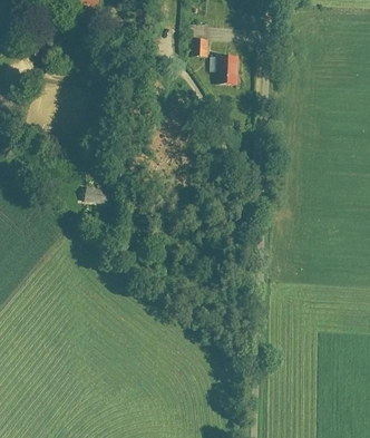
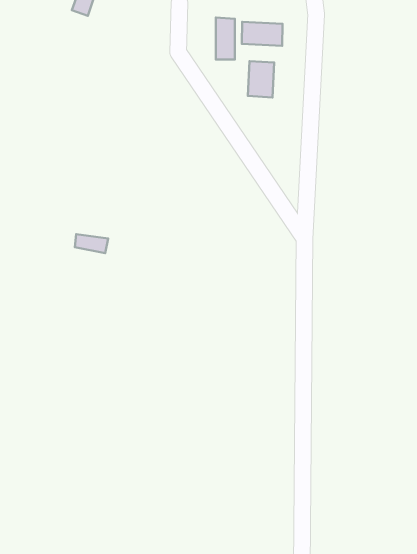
building: none -> [242,22,282,46]

